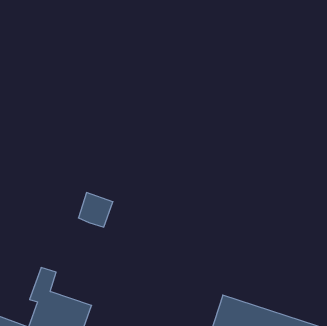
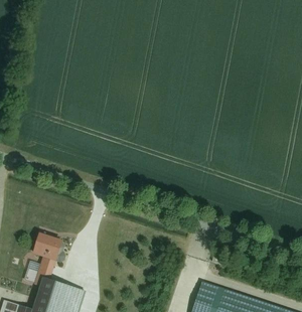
building: [78,193,113,227] -> [33,231,63,262]

